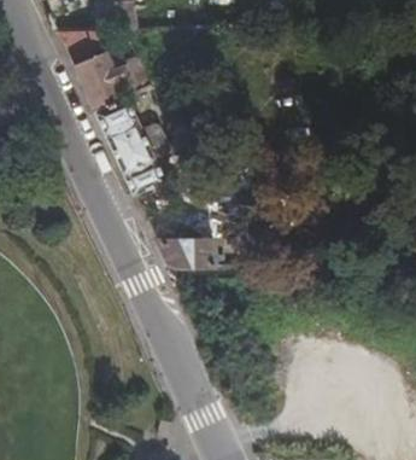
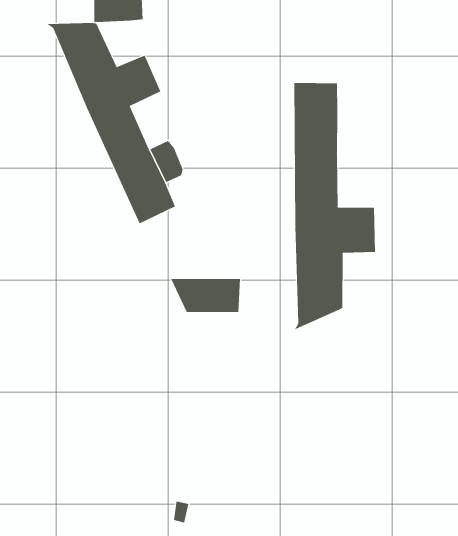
building: none -> [294,82,375,331]

